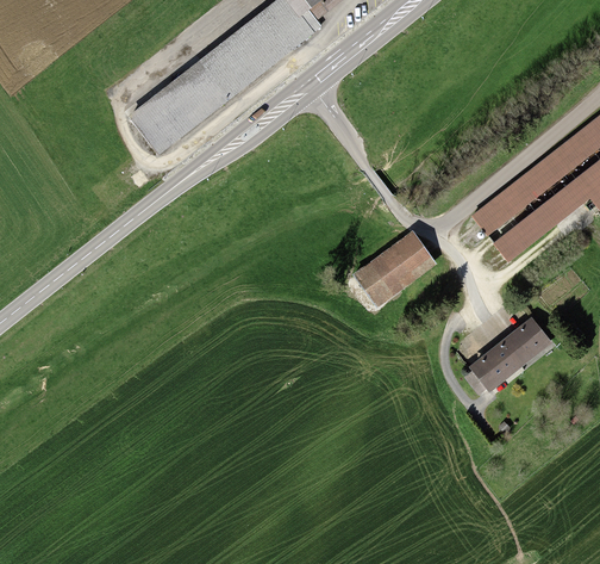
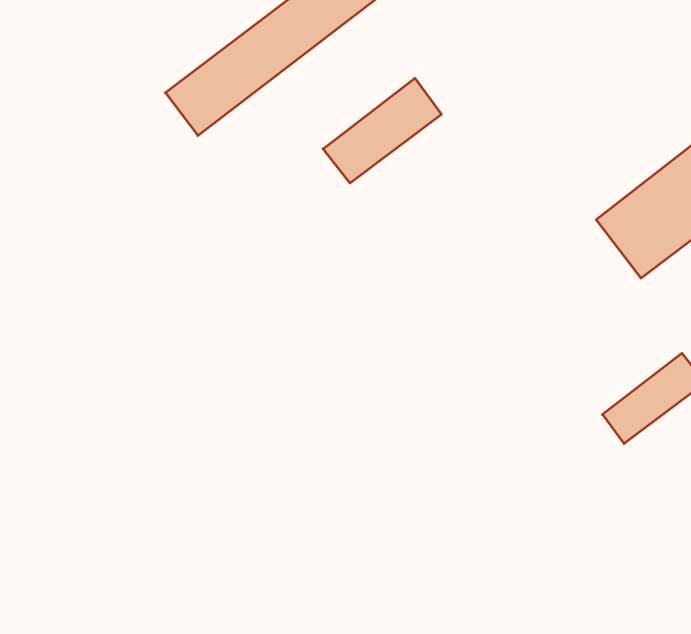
building: none -> [323,78,441,183]
building: [355,233,436,305] -> none

